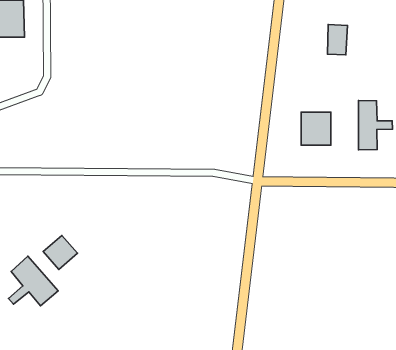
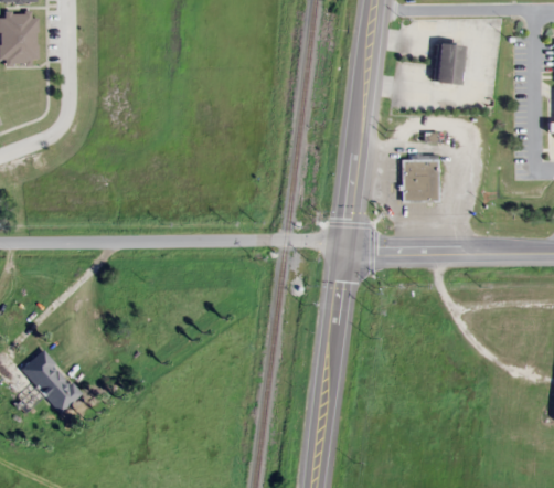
building: [359,101,392,150] -> none
building: [43,235,77,269] -> none

